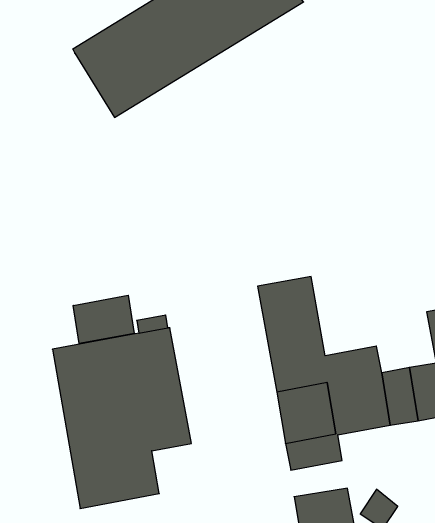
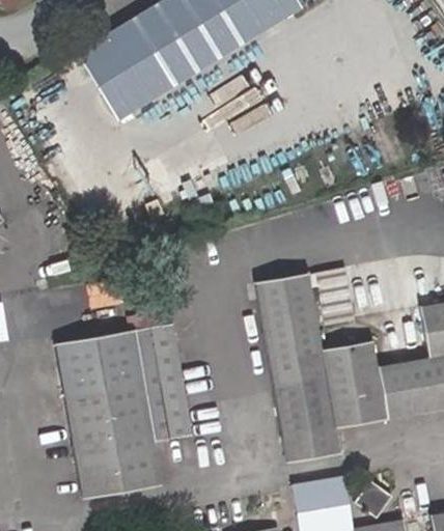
building: [73,295,134,344] -> none

